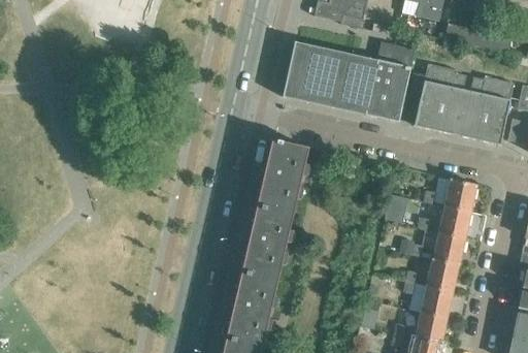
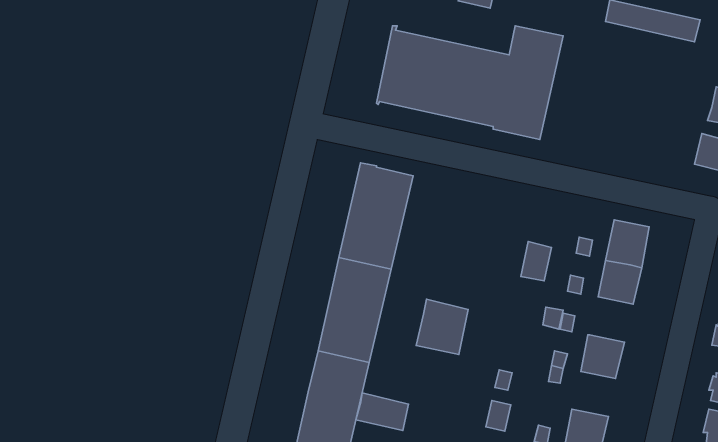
building: [414,62,514,143] -> none
building: [433,232,464,264] -> none
building: none -> [416,299,468,354]
building: [421,285,452,317] -> none
building: none -> [356,393,409,431]

